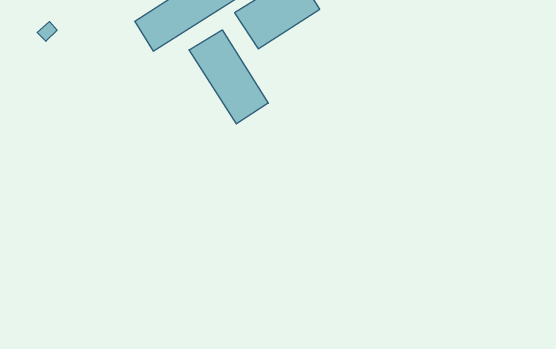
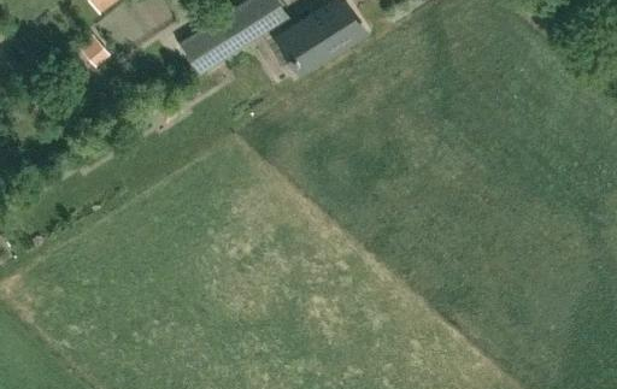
building: [189,30,268,124] -> none

